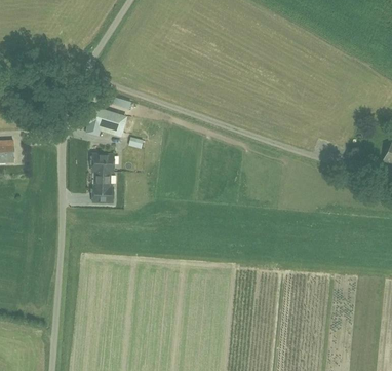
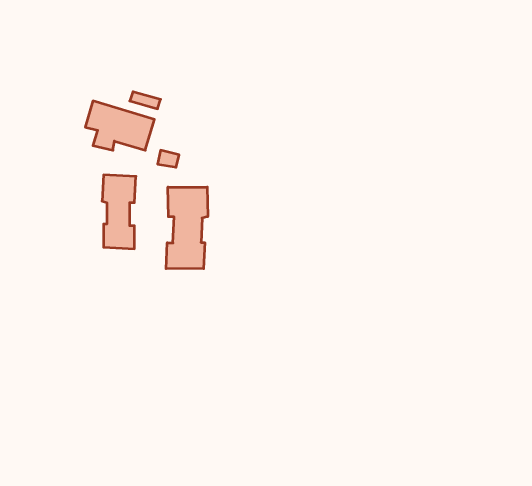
building: none -> [166,187,208,269]

